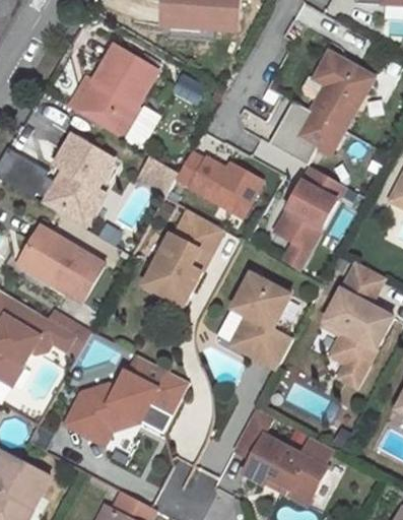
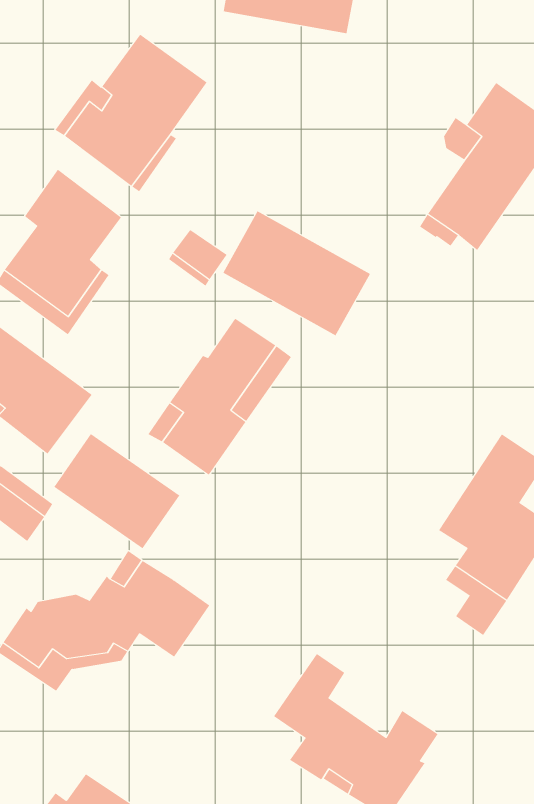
building: [276,162,345,268] -> none
building: [228,272,290,368] -> none
building: none -> [53,433,180,549]

